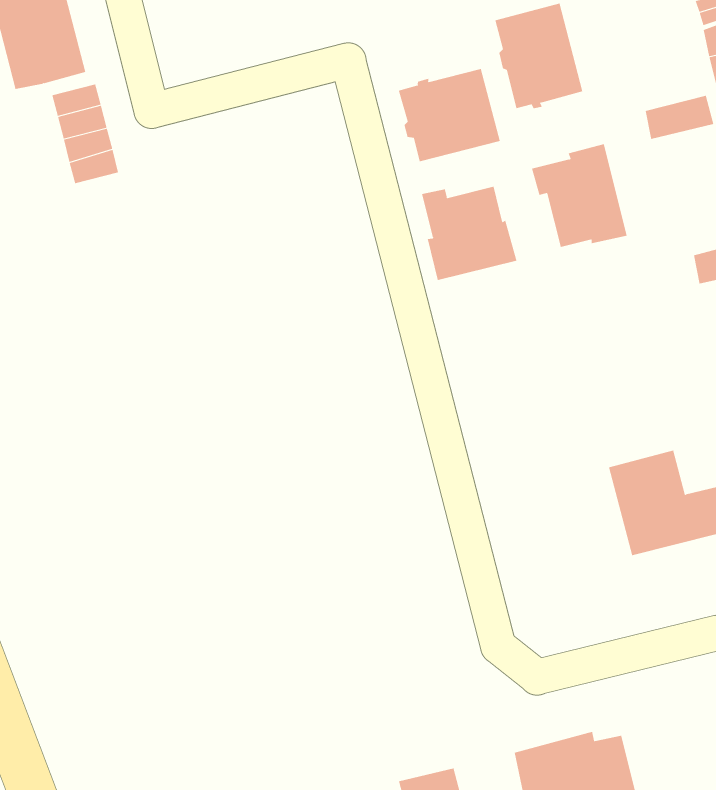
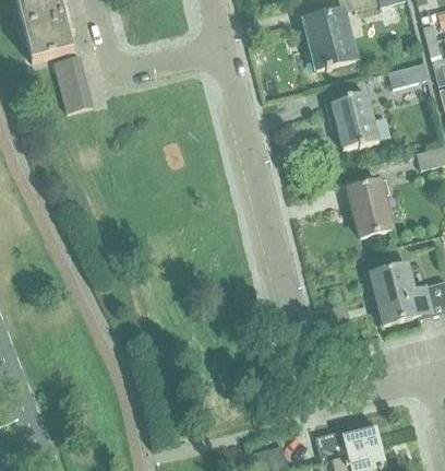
building: [398,68,500,162] -> none
building: [421,186,517,281] -> none
building: none -> [348,179,392,236]

